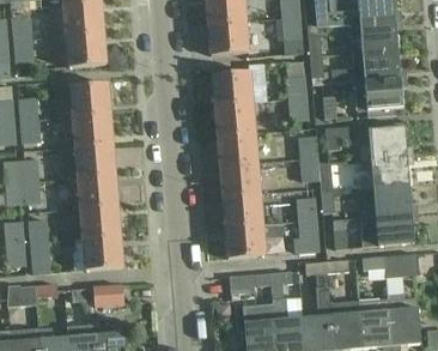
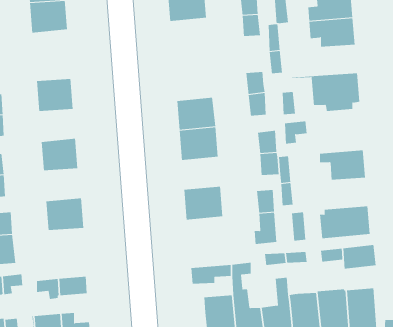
building: [207,20,248,55] -> none
building: [66,32,105,67] -> none
building: [330,48,400,81] -> none
building: [212,71,251,105] -> none
building: [73,114,111,147] -> none
building: [359,126,406,159] -> none
building: [219,163,260,196] -> none
building: [78,175,117,208] -> none
building: [364,184,410,217] -> none
building: [224,223,282,258] -> none
building: [83,236,122,270] -> none

